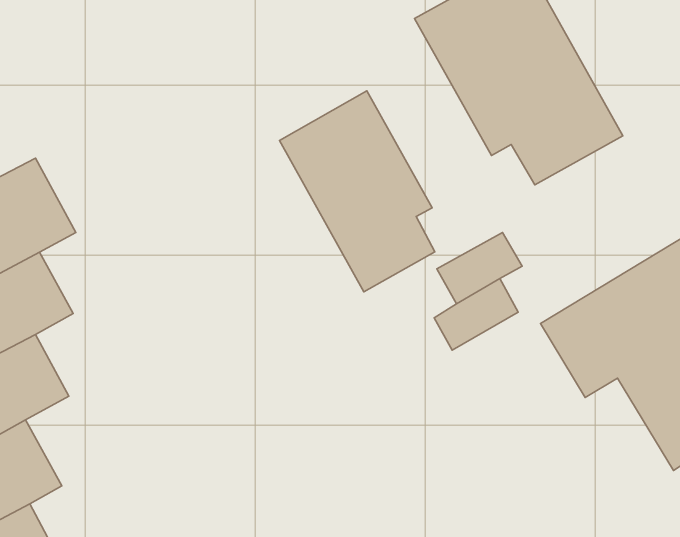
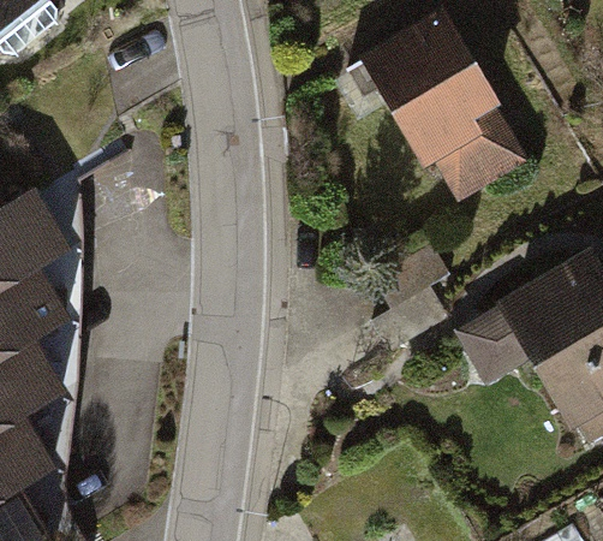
building: [279,91,435,292] -> none

